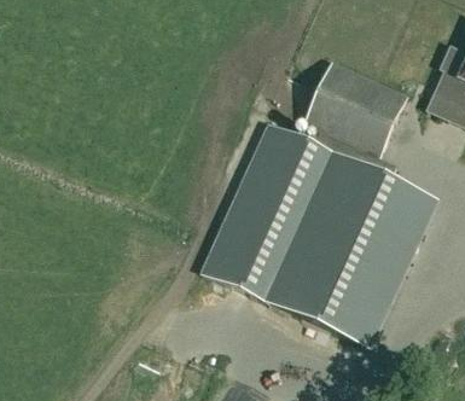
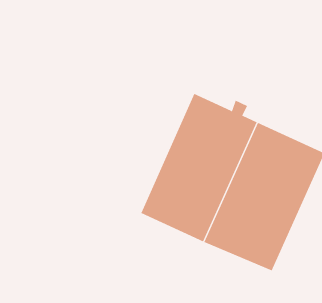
building: [306,60,408,157] -> none

